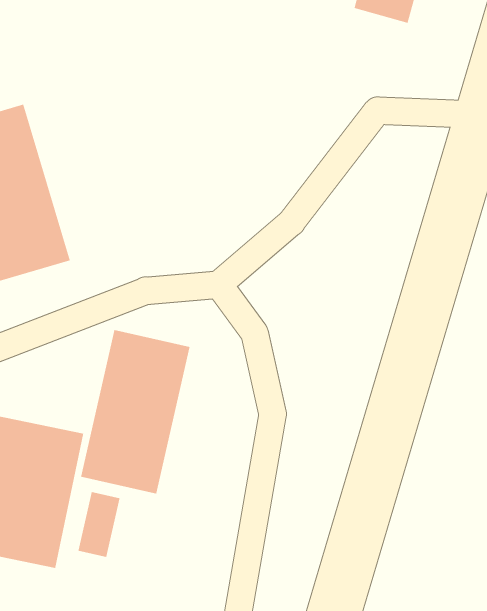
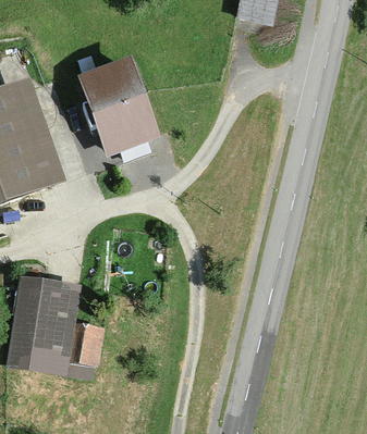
building: none -> [78,61,159,158]
building: [80,329,190,495] -> none

